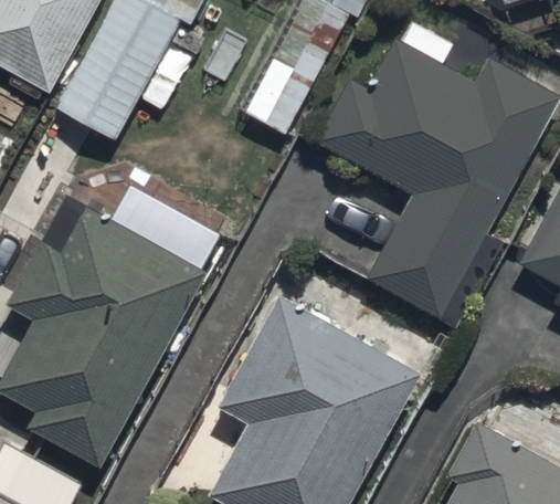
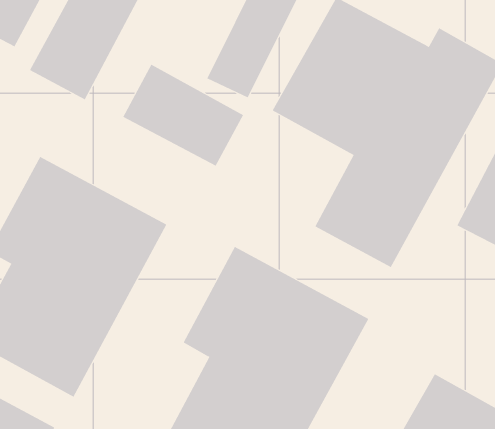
building: none -> [122,64,244,167]

